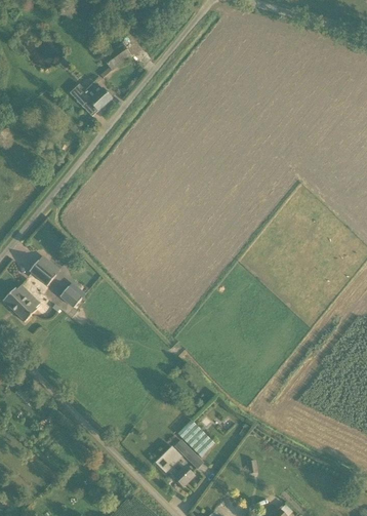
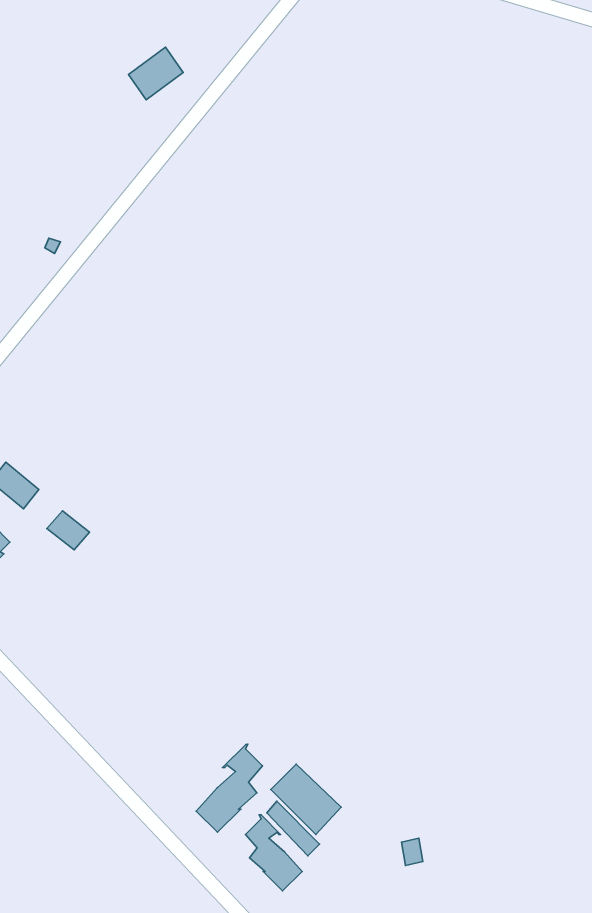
building: [70,83,112,116] -> none
building: none -> [196,744,263,832]

